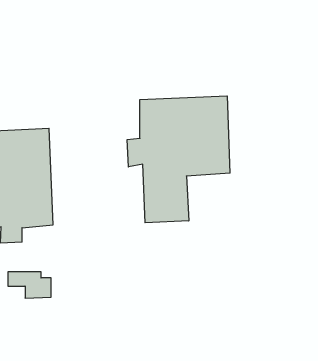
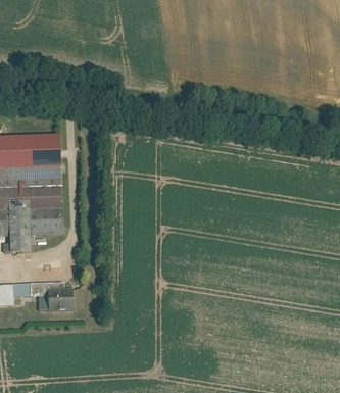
building: [127,96,230,223] -> none

